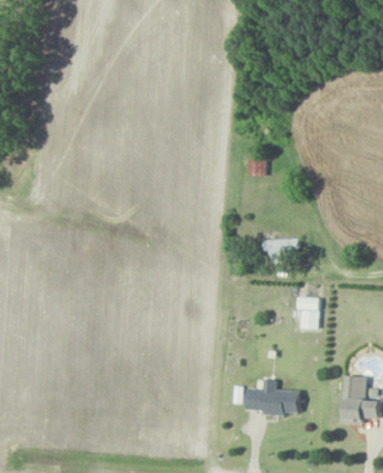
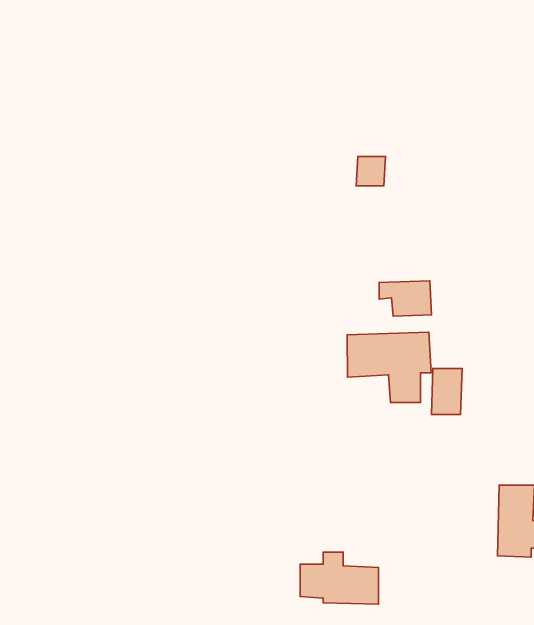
building: none -> [347,332,431,403]
building: [247,379,299,414] -> [300,552,378,604]

